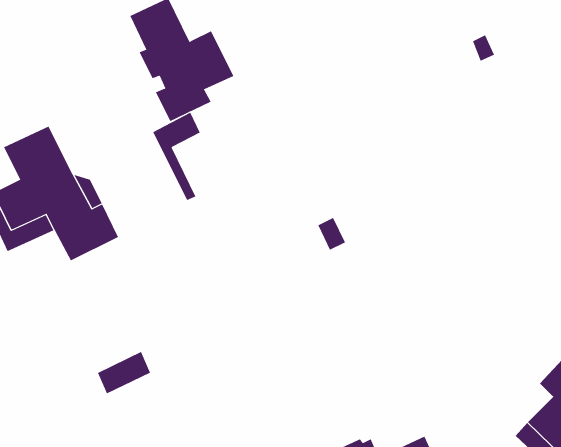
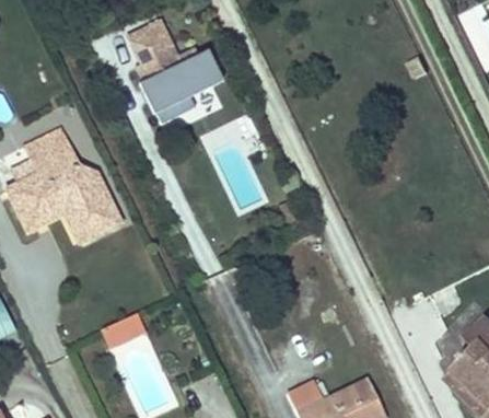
building: [152,112,201,201] -> none

